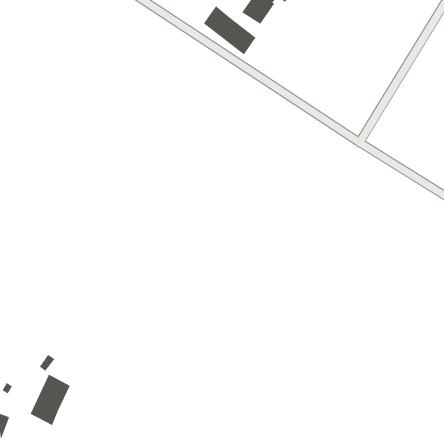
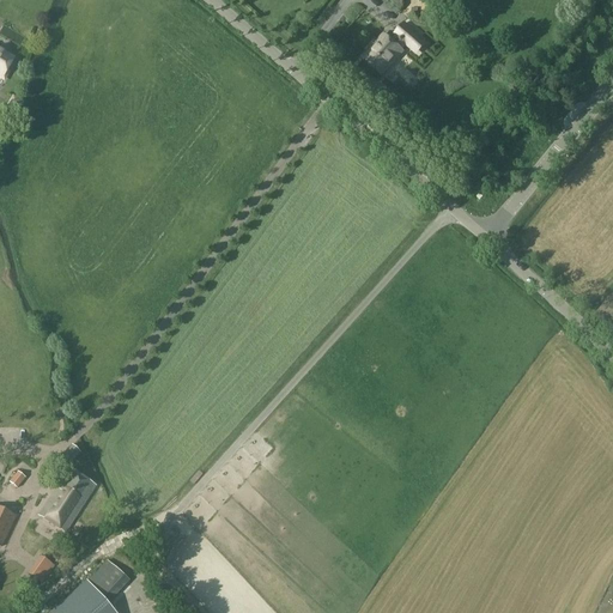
building: [203,5,256,56] -> none

